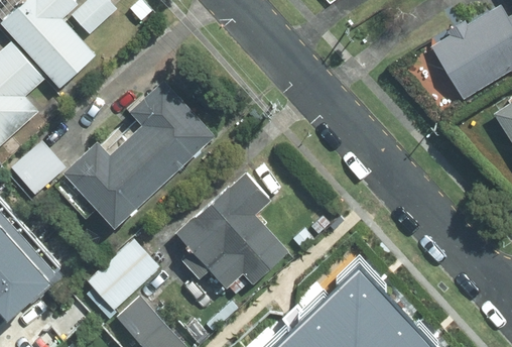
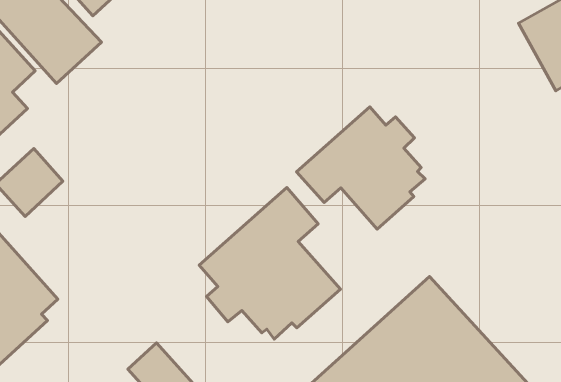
building: [61,82,215,229] -> none
building: none -> [296,107,425,229]
building: [88,242,159,312] -> none

